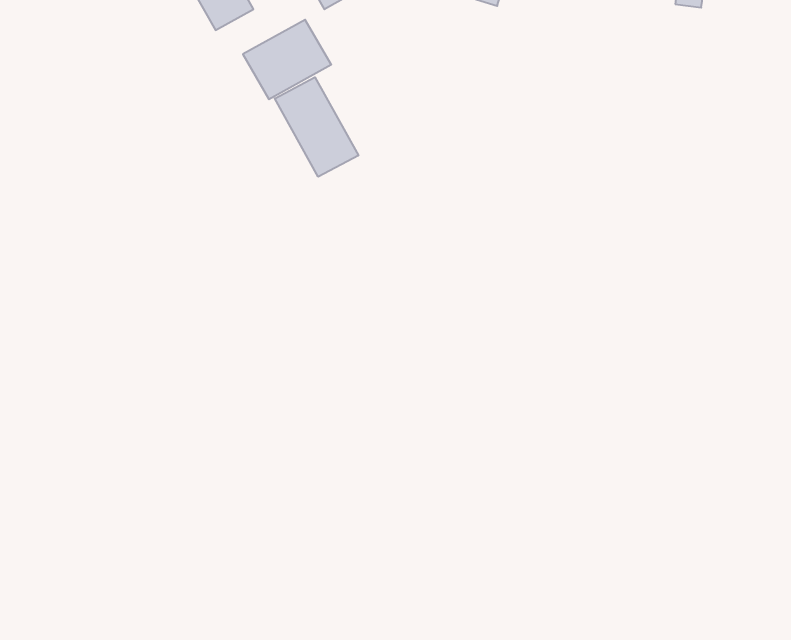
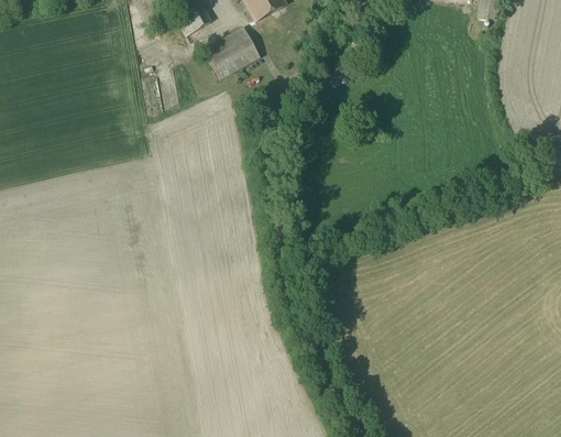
building: [275,77,358,177] -> none

